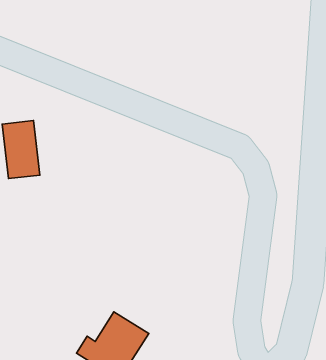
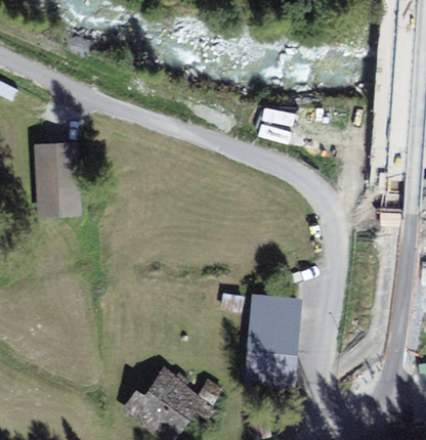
building: none -> [249,305,295,373]

